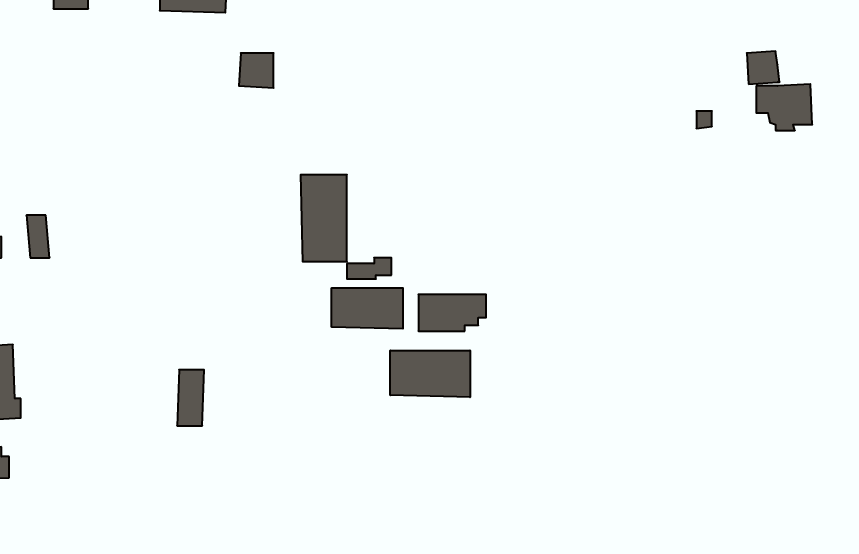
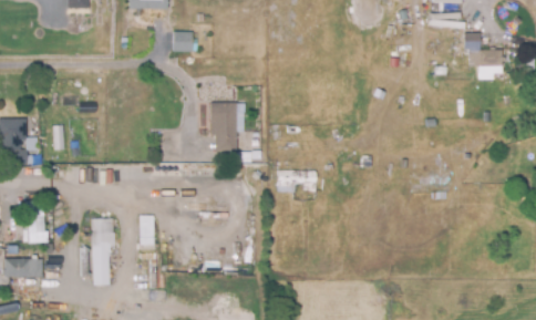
building: [332,288,403,329] -> none
building: [390,350,470,397] -> none
building: none -> [92,218,114,285]

